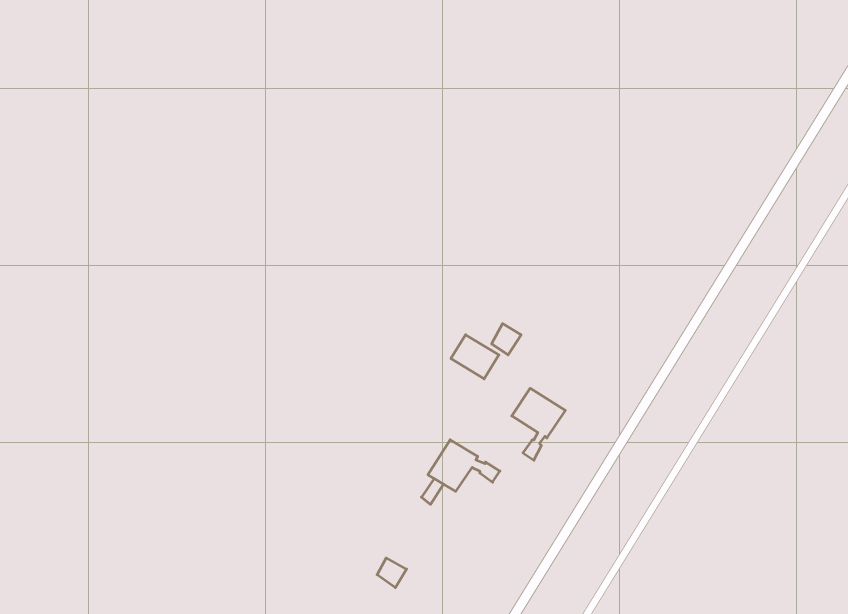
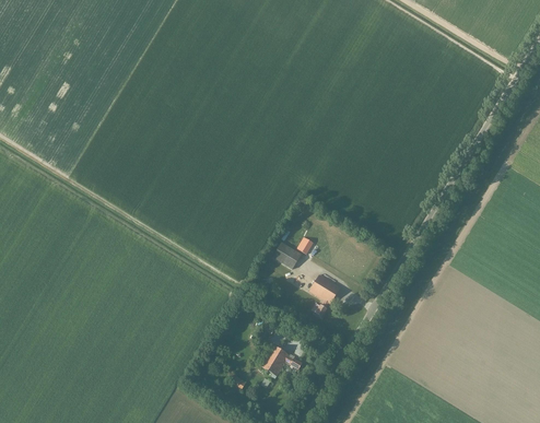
building: [428,440,500,491] -> [260,344,303,375]

